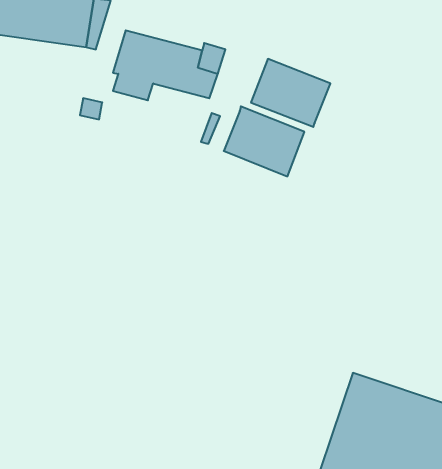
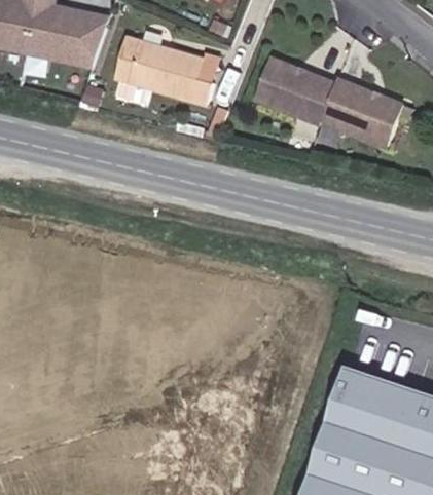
building: [224,106,304,176] -> [309,83,387,151]

